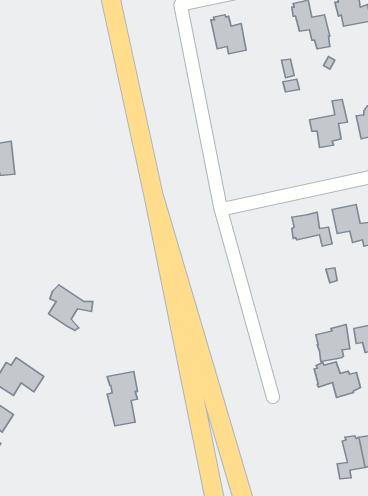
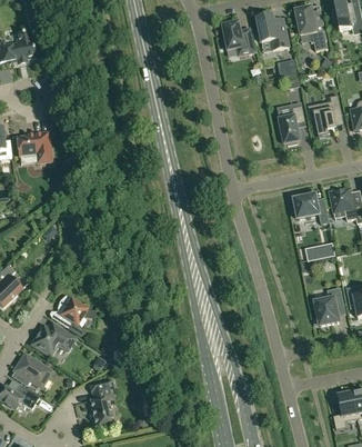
building: none -> [258,14,290,49]
building: none -> [275,106,305,145]
building: [49,285,93,330] -> [57,295,95,335]
building: [314,362,361,398] -> none
building: [107,371,138,426] -> [89,379,115,427]

